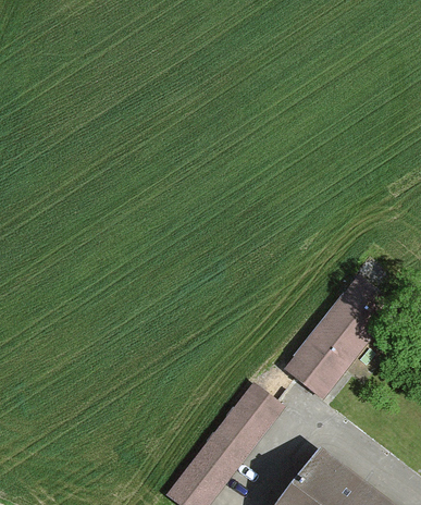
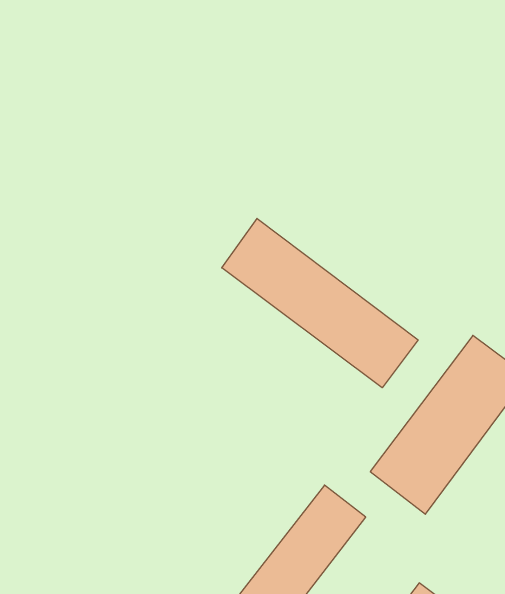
building: none -> [222,218,418,388]

